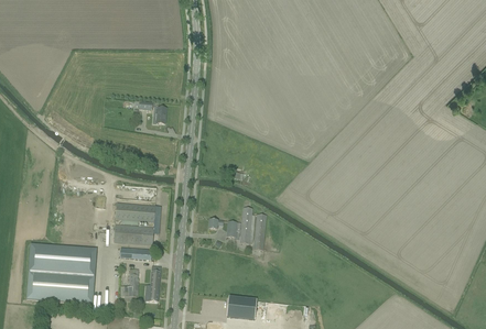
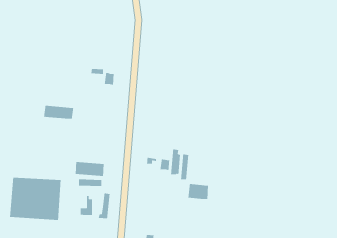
building: [115,201,155,221] -> [43,105,74,120]
building: [227,296,256,318] -> [187,183,209,200]

